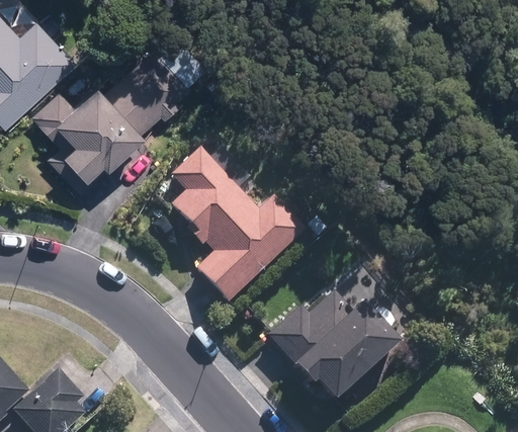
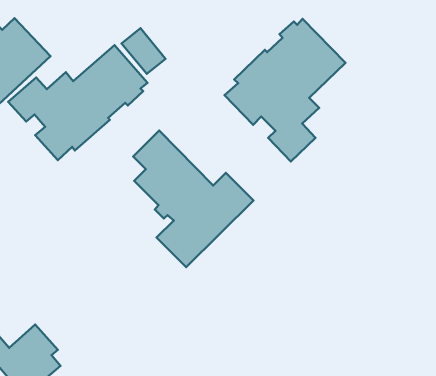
building: none -> [224,19,345,161]
building: [267,289,397,401] -> none

